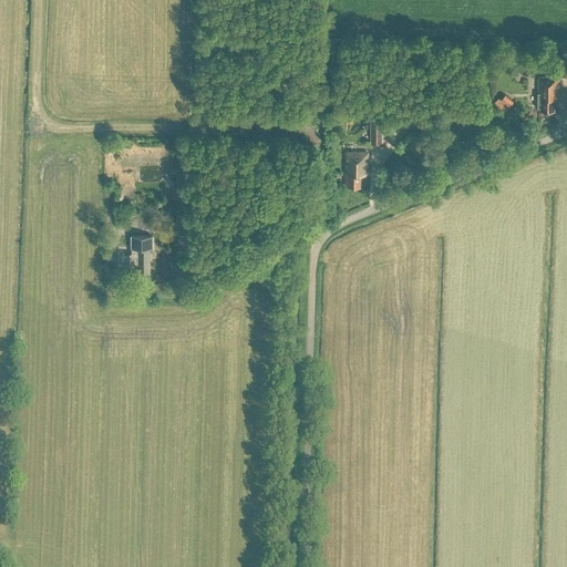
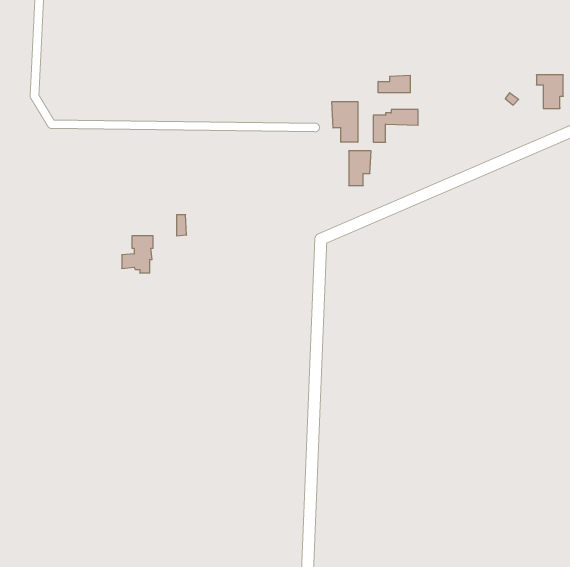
building: none -> [378,75,410,93]
building: none -> [332,102,358,142]

